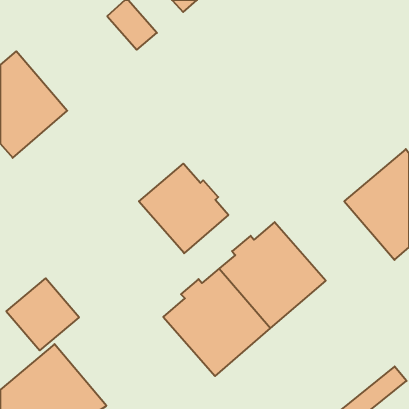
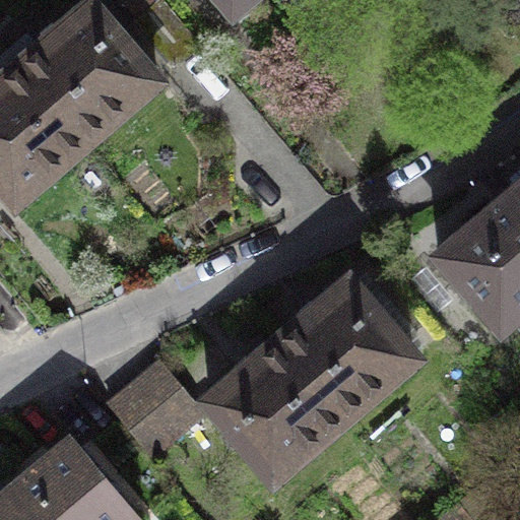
building: none -> [20,6,154,141]
building: [139,164,228,253] -> none
building: [6,278,79,350] -> [109,364,201,455]

